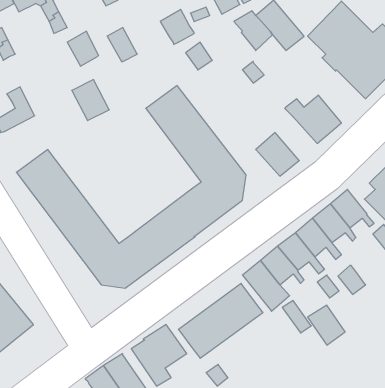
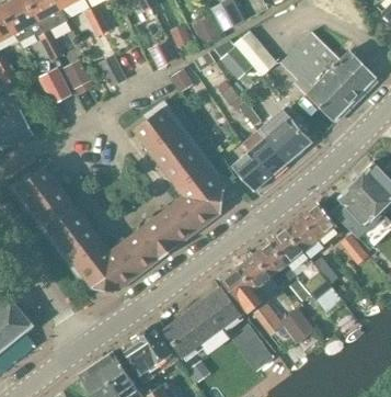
building: [72,80,109,121] -> [37,68,71,105]
building: none -> [243,137,289,177]
building: none -> [230,325,266,362]

